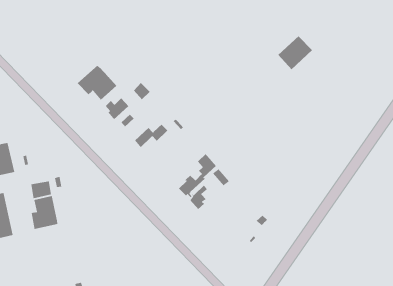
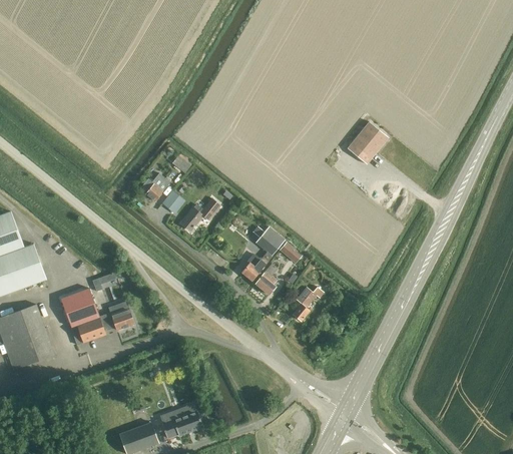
building: [278,36,313,70] -> [347,122,388,164]
building: [77,65,117,100] -> none
building: none -> [98,307,133,330]
building: none -> [293,287,324,321]

